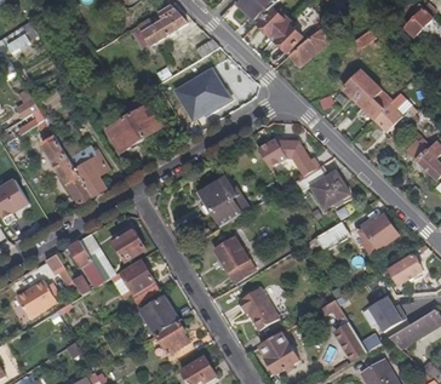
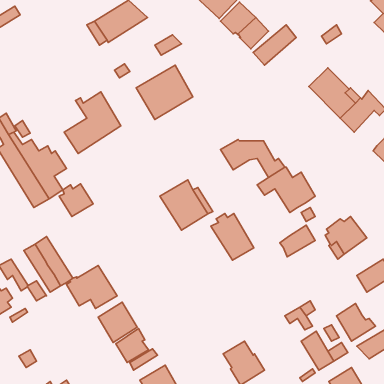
building: [110,229,143,260] -> [59,184,93,216]
building: [213,237,254,282] -> [211,214,254,260]
building: [235,288,277,331] -> none

